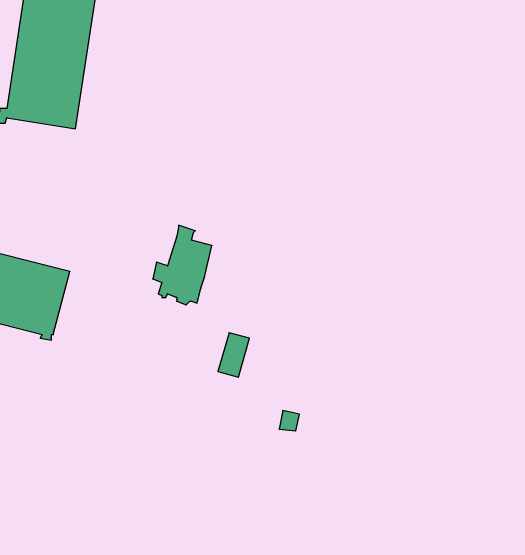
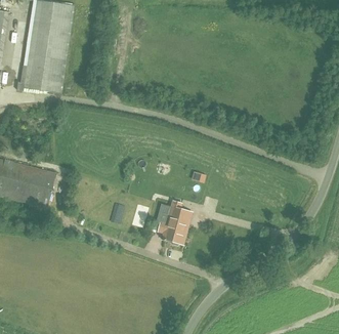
building: [153,225,212,305] -> [158,201,190,245]

